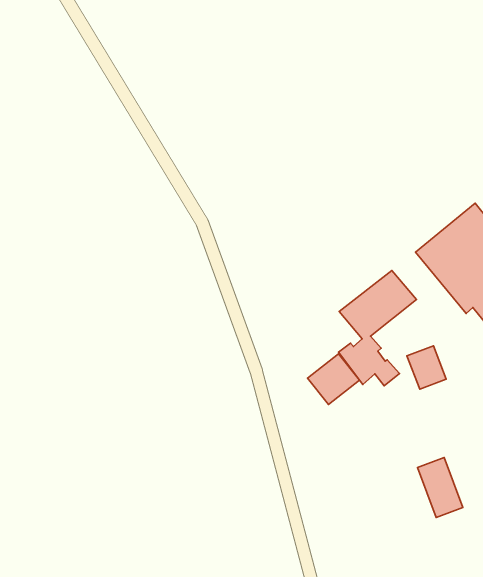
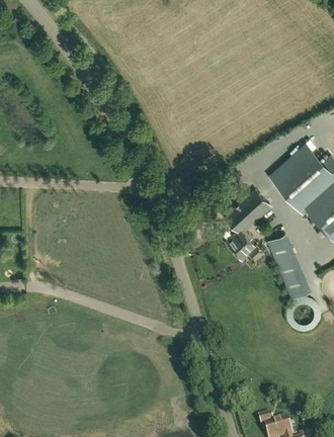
building: [308,354,360,404] -> none
building: [418,458,463,517] -> [277,256,307,293]

